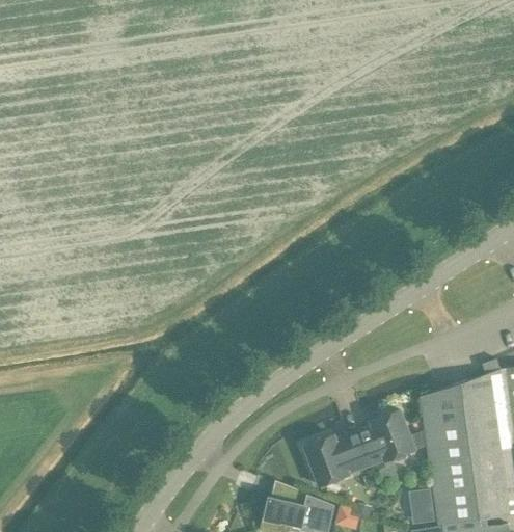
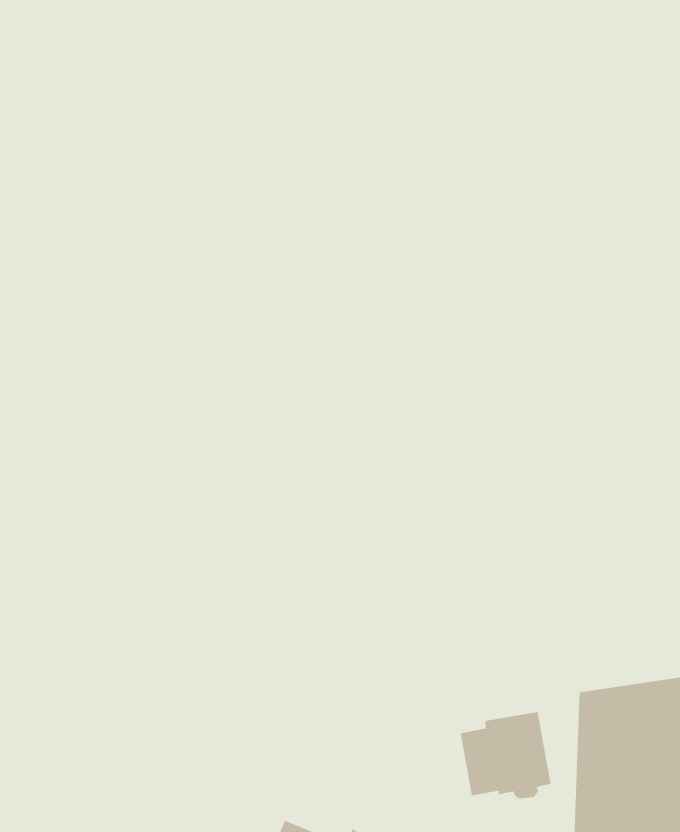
building: [305,431,371,481] -> none

